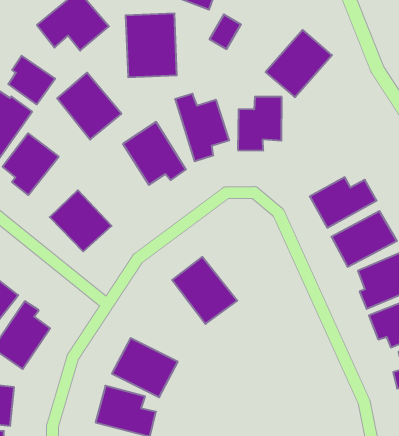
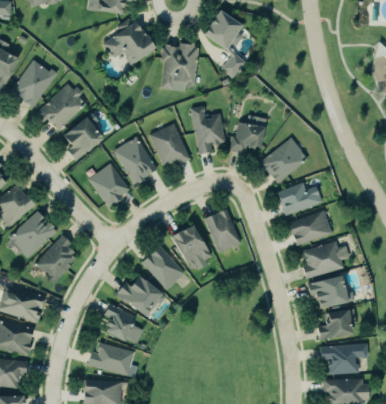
building: [266,30,332,97] -> [259,137,308,184]
building: [8,56,55,104] -> none
building: [57,73,121,140] -> [115,136,159,184]
building: none -> [203,208,242,252]
building: none -> [142,244,185,290]

